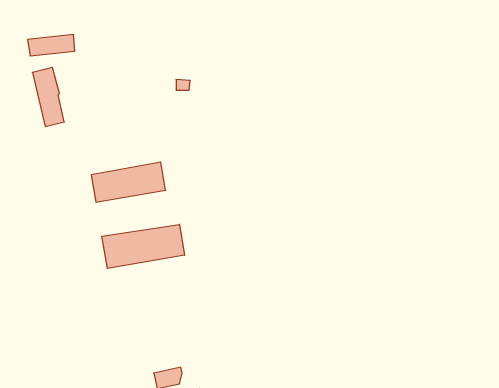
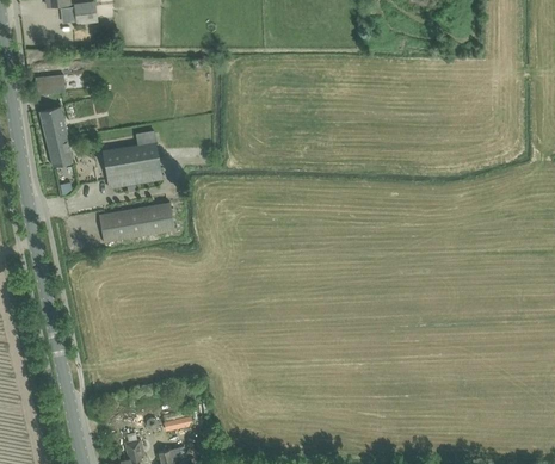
building: none -> [101,131,165,186]
building: [102,224,185,268] -> none

